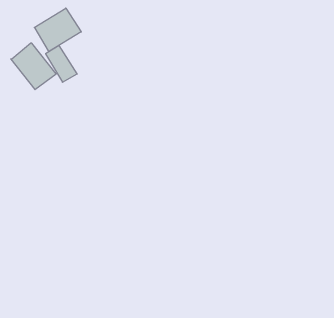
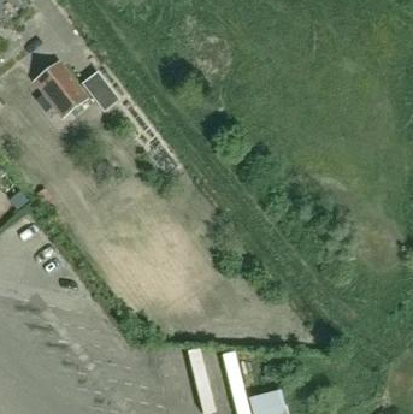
building: [34,8,81,51] -> none

